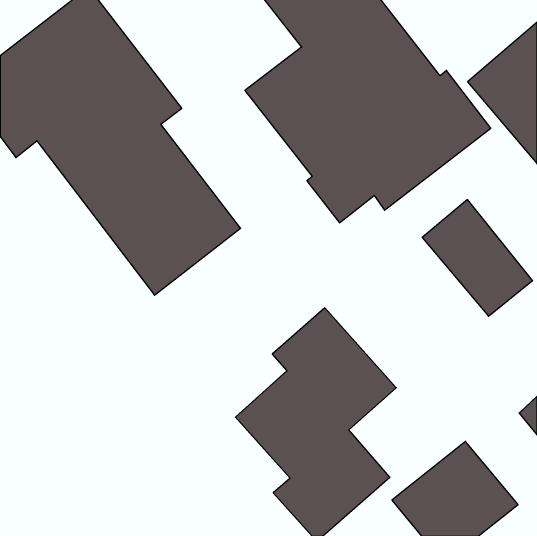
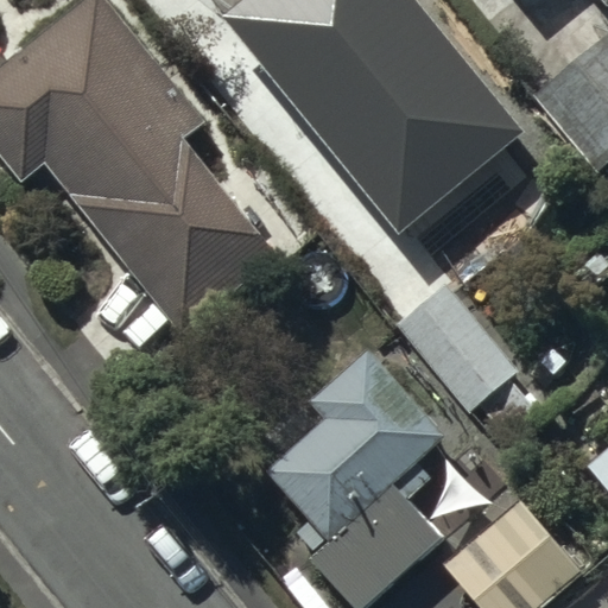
building: [422,200,533,316] -> [392,281,517,413]

